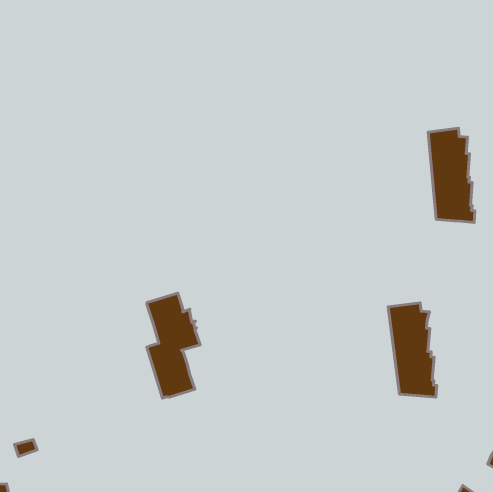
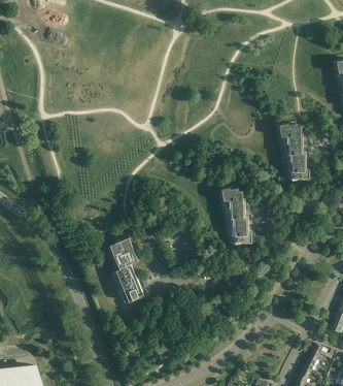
building: [388,303,437,397] -> [218,185,252,243]

